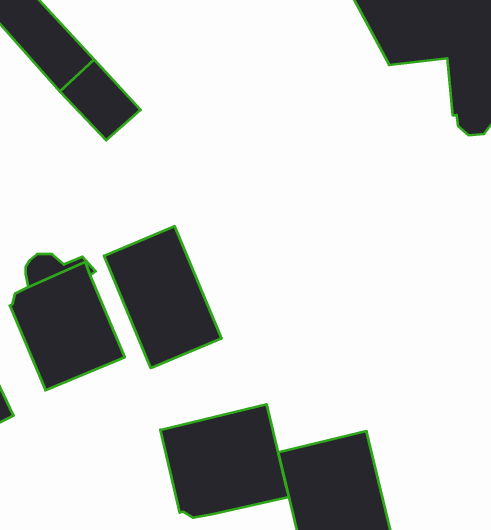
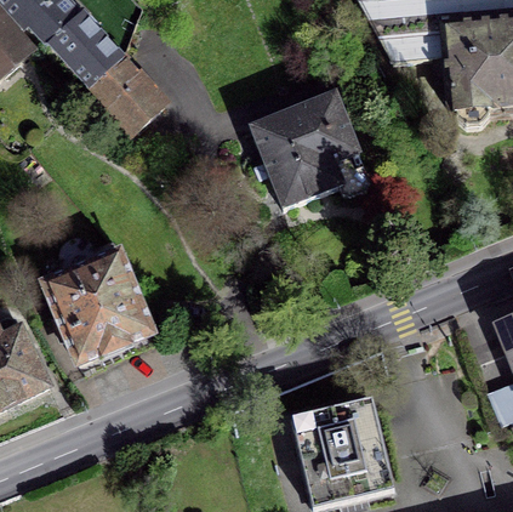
building: none -> [251,95,369,209]
building: [104,226,221,368] -> none
building: [160,404,289,518] -> none

